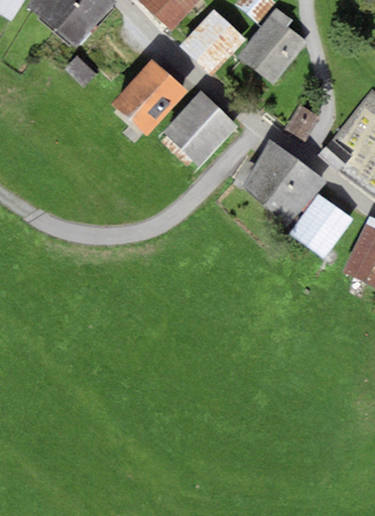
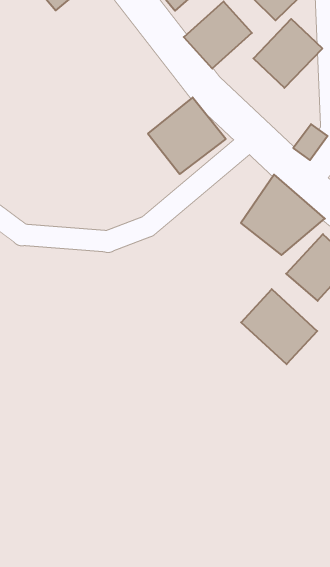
building: [114,66,180,133] -> none
building: none -> [241,289,317,364]

